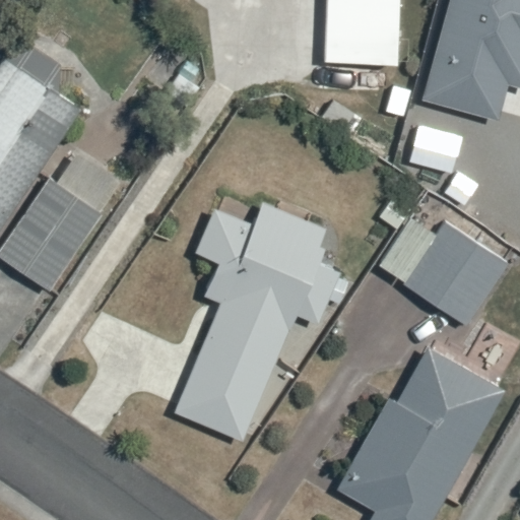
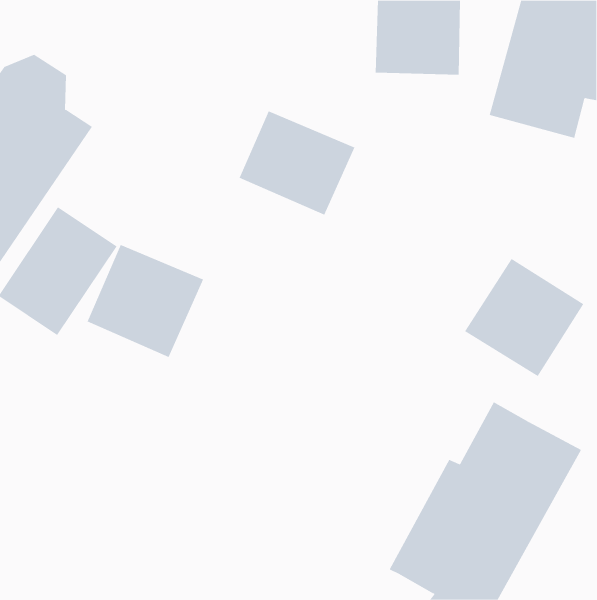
building: none -> [239,110,355,216]
building: [174,204,347,442] -> none
building: none -> [87,244,204,358]

